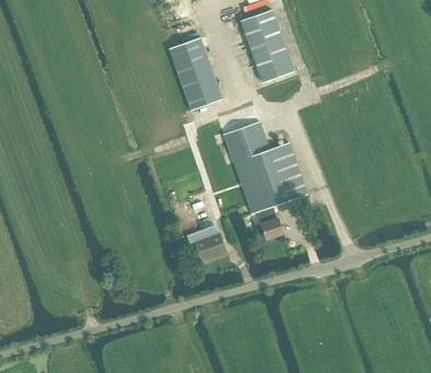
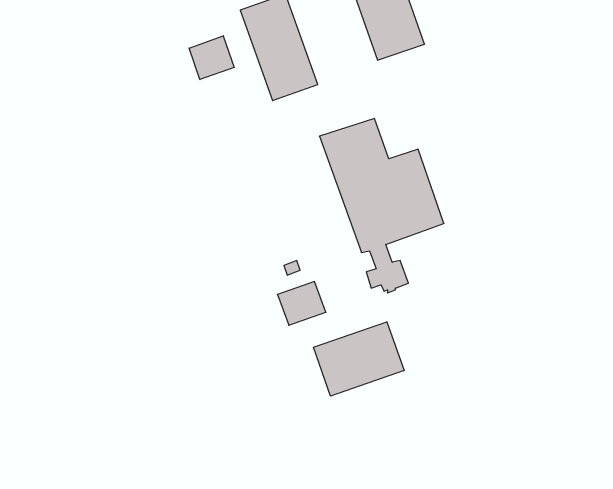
building: none -> [189,36,234,80]
building: none -> [313,322,404,396]

